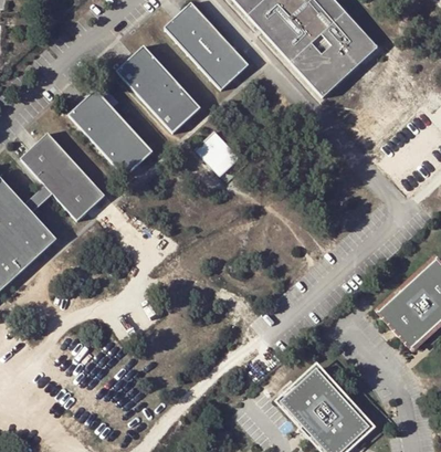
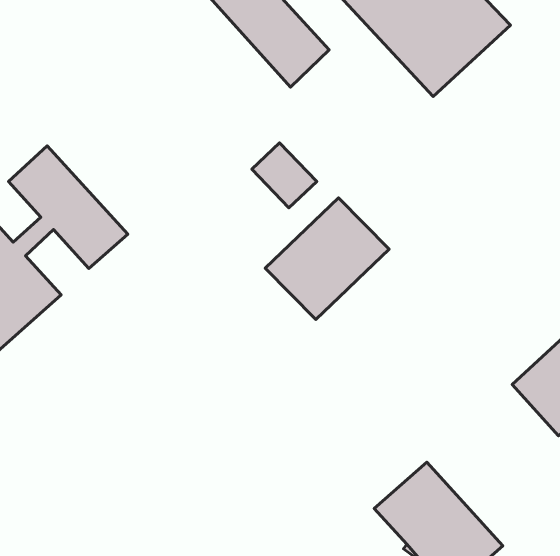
building: [117,46,202,136] -> none
building: [69,91,154,179] -> none
building: none -> [265,198,389,319]

